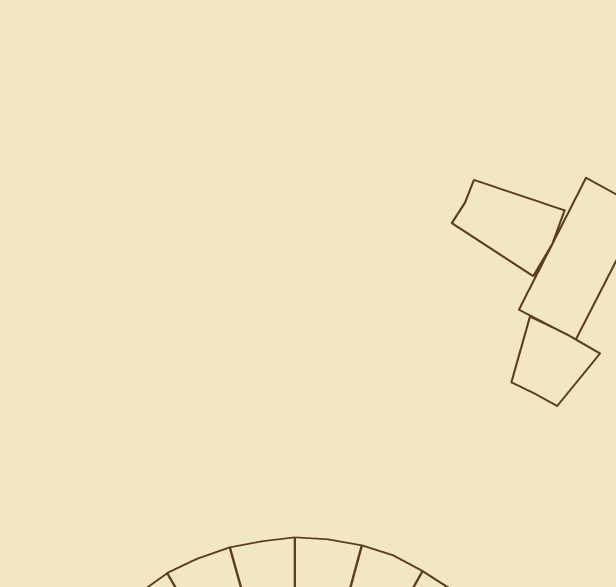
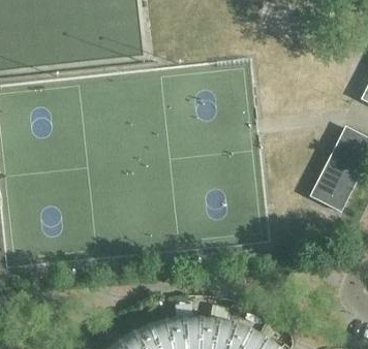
building: [452,180,565,276] -> none
building: [512,317,600,406] -> none

